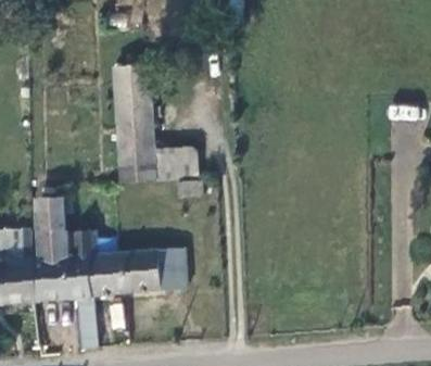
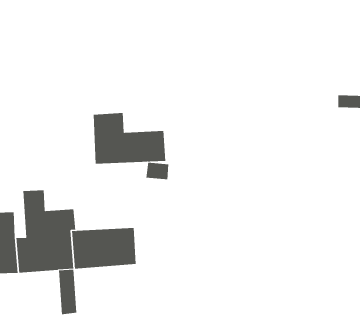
building: [114,60,150,126] -> none
building: [162,248,189,290] -> none

